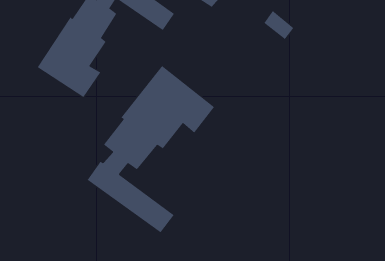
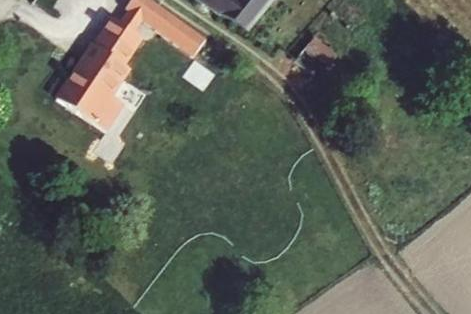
building: [87,65,215,233] -> none

